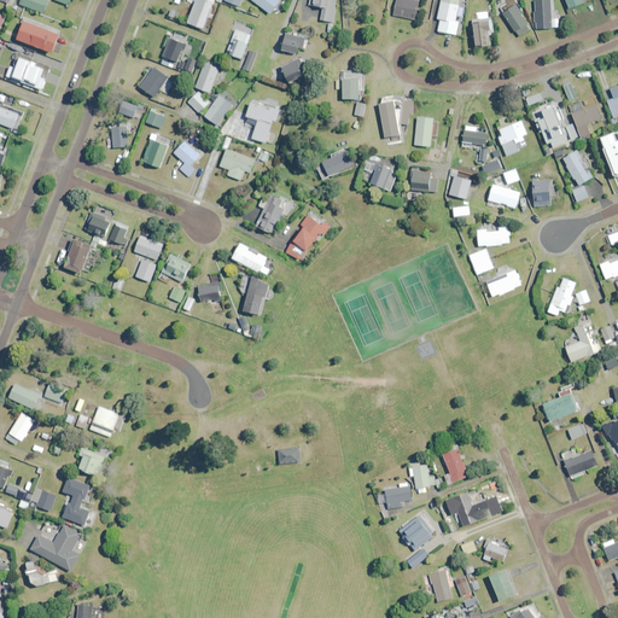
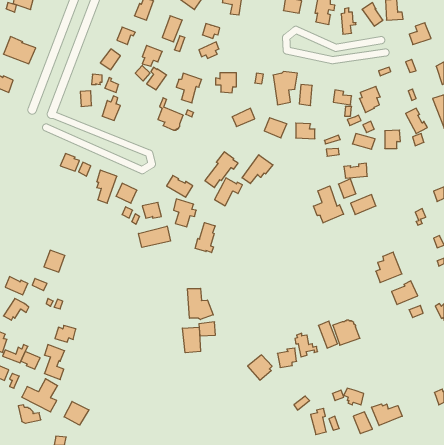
building: [16,21,59,52] -> none
building: [334,71,363,99] -> [216,73,236,93]
building: [571,97,601,127] -> [409,23,431,45]
building: [534,105,566,146] -> none
building: [173,136,202,176] -> none
building: [255,194,293,233] -> [215,178,242,206]
building: none -> [242,155,273,184]
building: [64,239,91,273] -> none
building: none -> [313,186,344,223]
building: [547,276,575,314] -> none
building: none -> [195,223,215,253]
building: none -> [139,226,170,247]
building: [564,320,600,362] -> [376,252,402,283]
building: none -> [188,288,213,320]
building: [89,406,118,436] -> [44,250,65,272]
building: [560,448,597,478] -> none
building: none -> [182,327,201,353]
building: [453,490,490,525] -> [333,320,360,345]
building: [398,514,432,549] -> [248,355,272,380]
building: none -> [64,401,89,425]
building: none -> [372,404,402,426]

